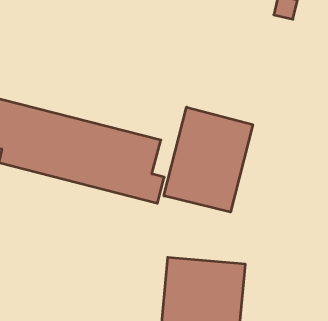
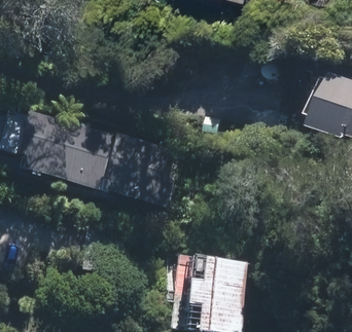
building: [164,107,253,212] -> none

